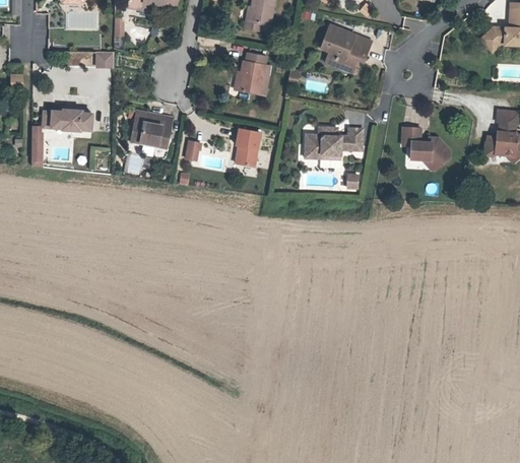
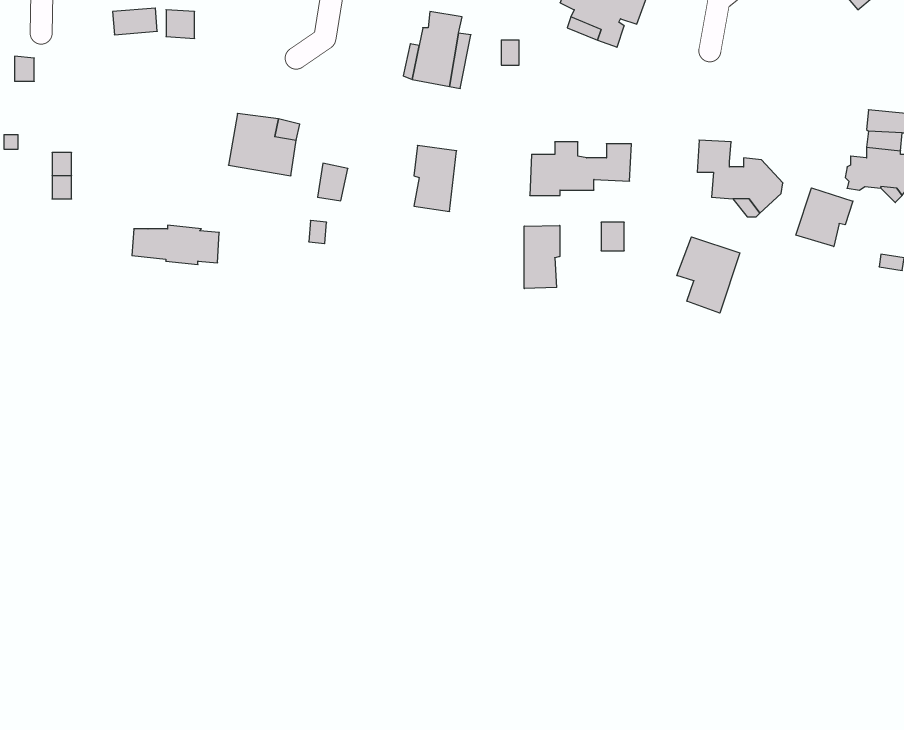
building: [44,110,93,132] -> [132,225,219,265]
building: none -> [796,188,853,247]
building: none -> [524,225,560,289]
building: none -> [677,237,740,313]

